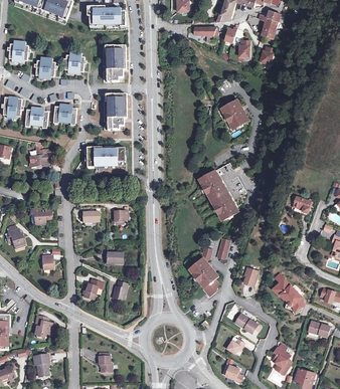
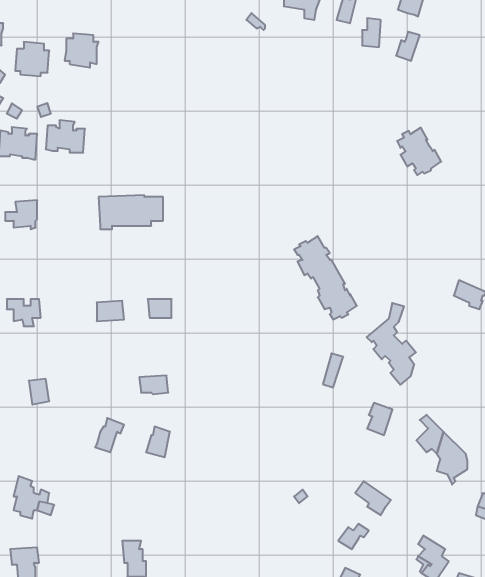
building: [105,44,125,80] -> none
building: [107,91,127,128] -> none
building: [222,100,248,128] -> [397,128,441,175]
building: [189,247,218,296] -> [367,303,416,385]

